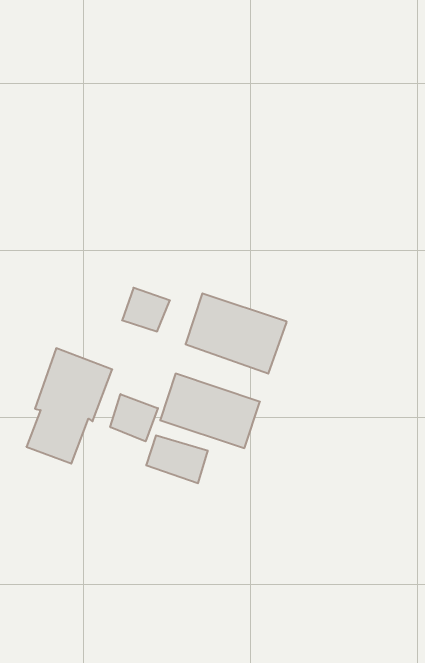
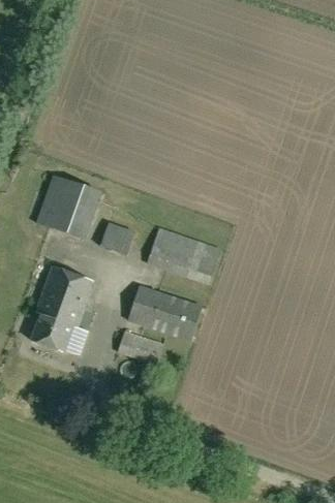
building: none -> [36,176,99,239]
building: [110,394,158,441] -> none

